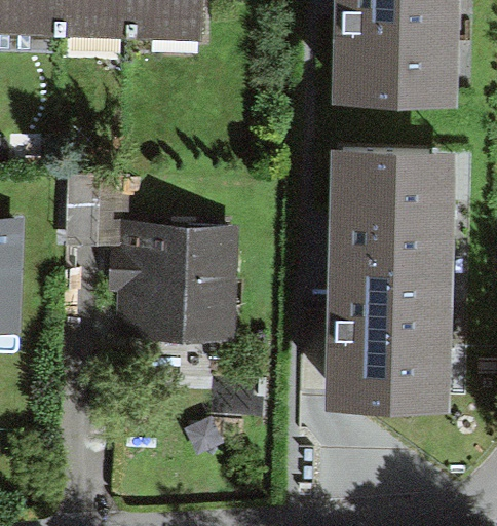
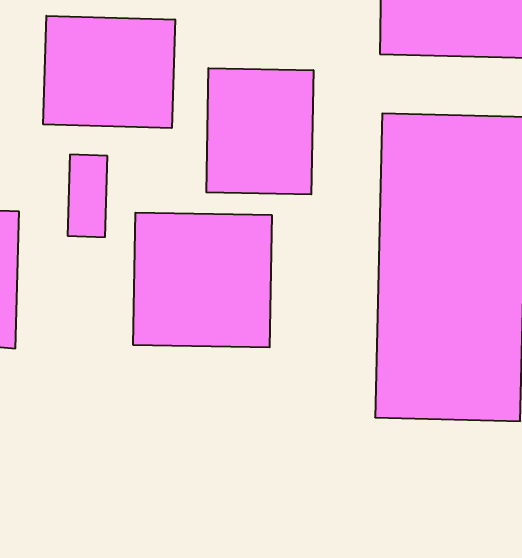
building: none -> [43,16,175,128]
building: none -> [206,68,313,194]

